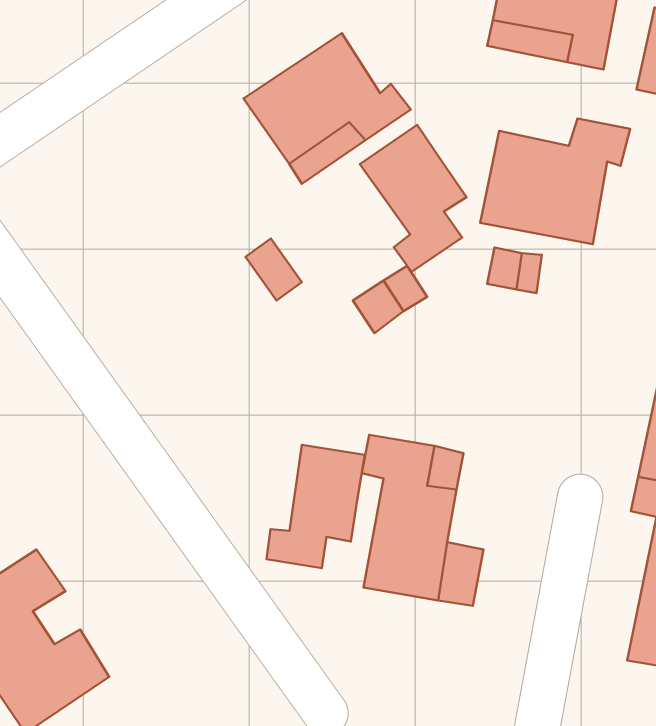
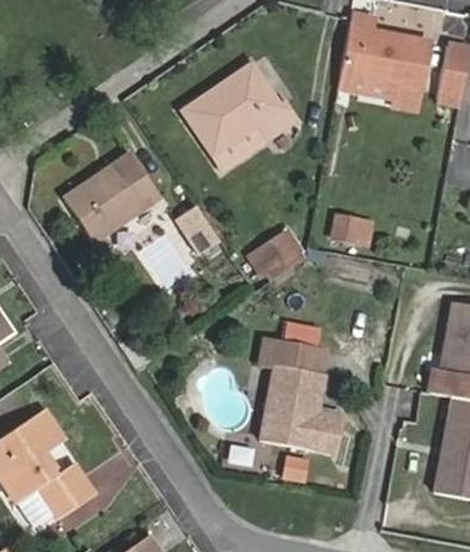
building: [480,118,630,244] -> none
building: [360,125,467,272] -> none
building: none -> [62,155,155,242]
building: [267,445,365,568] -> none

